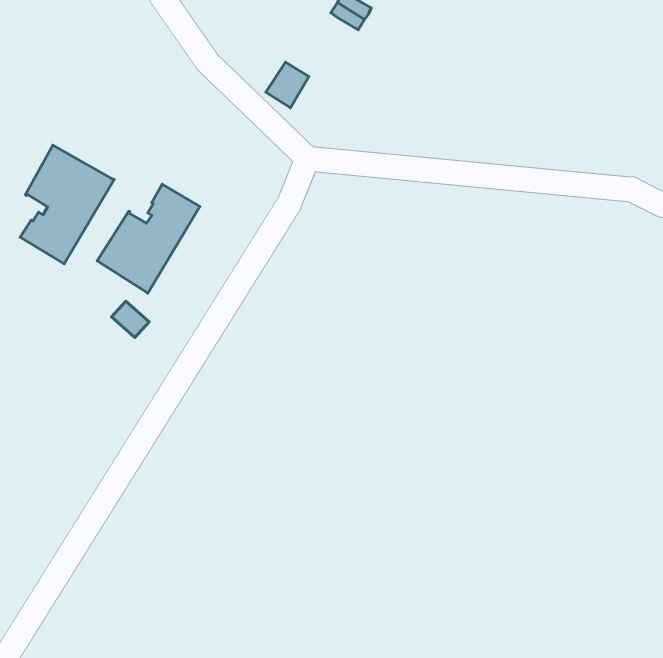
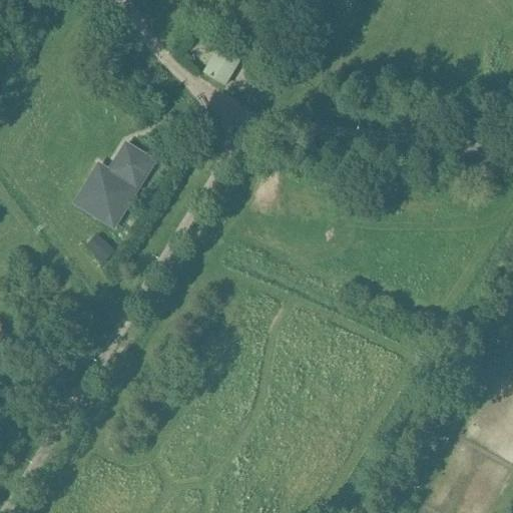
building: [20,145,114,264] -> none

